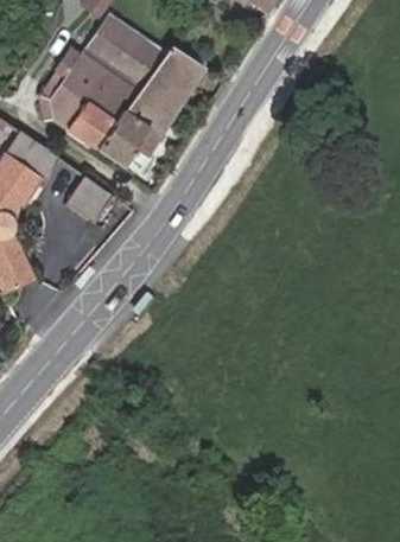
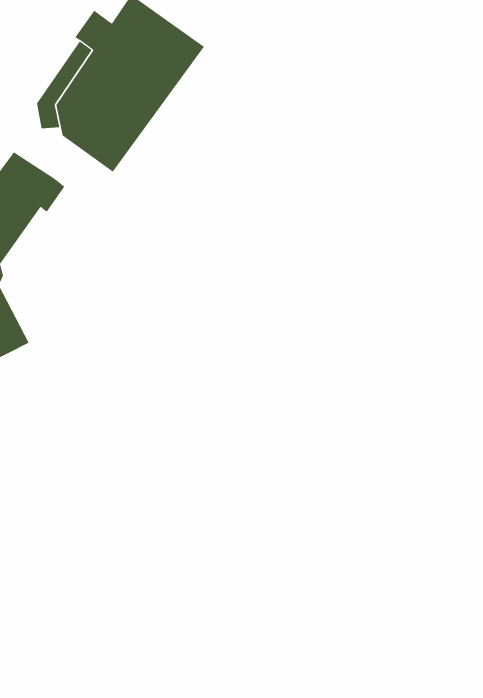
building: [96,45,202,178] -> none
building: [62,172,109,219] -> none

